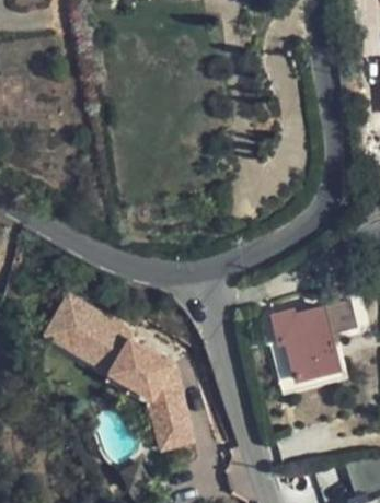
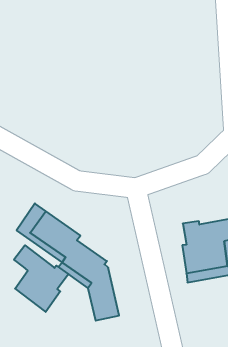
building: none -> [14,245,68,312]

